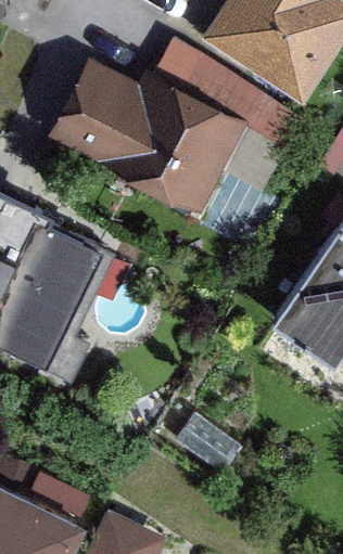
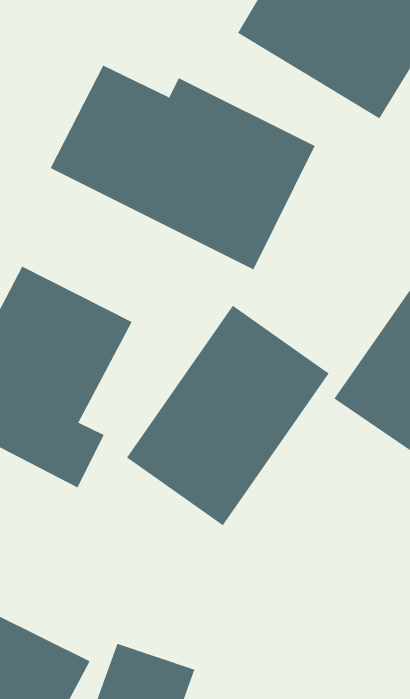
building: none -> [126,305,329,526]

